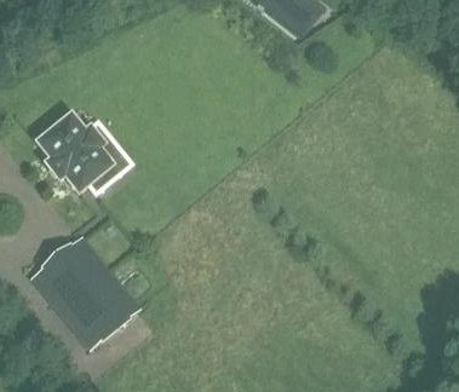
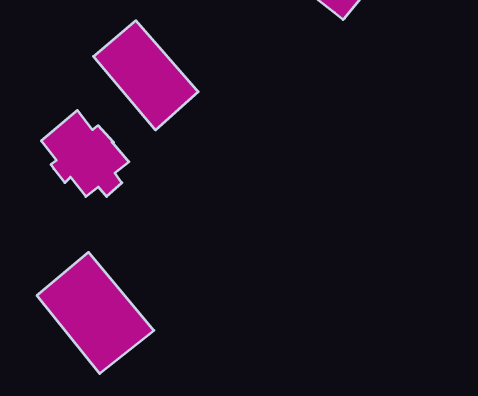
building: none -> [93,21,198,130]

